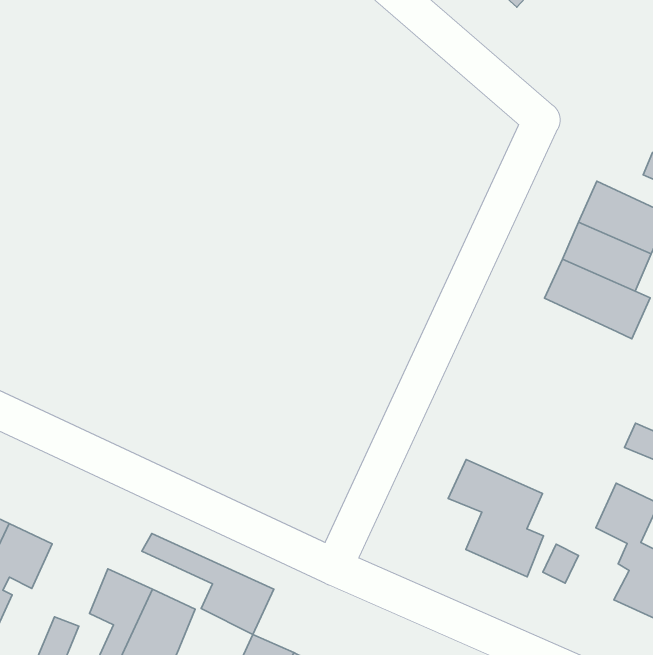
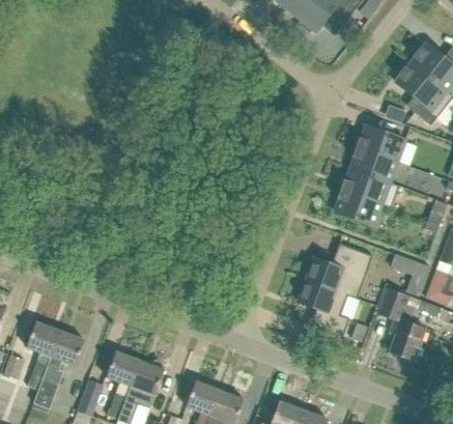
building: none -> [334,189,381,225]
building: none -> [305,242,372,298]
building: [142,534,274,634] -> none

